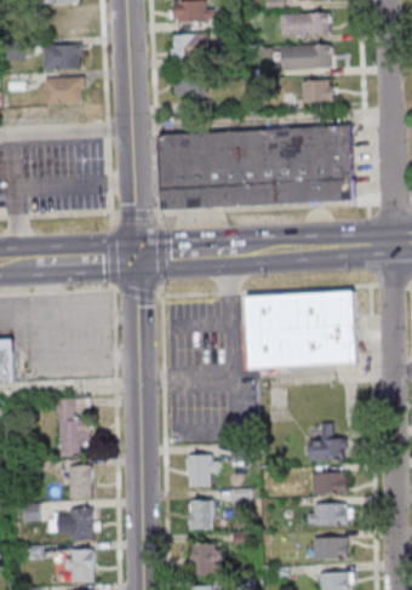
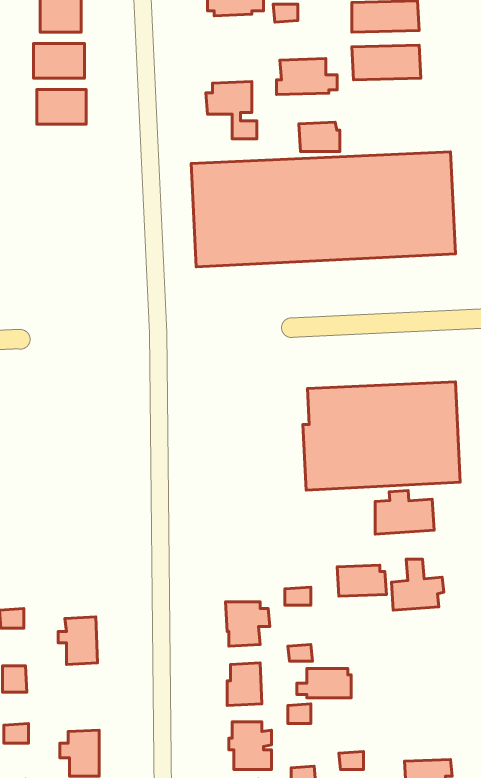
building: [171,33,216,59] -> [276,59,337,95]
building: [302,79,332,101] -> [299,122,340,152]
building: none -> [375,491,434,534]
building: [53,396,90,459] -> none
building: [311,471,348,494] -> [337,565,386,596]
building: [307,503,347,525] -> [297,668,351,698]
building: [56,506,93,543] -> none
building: [313,537,349,559] -> none

